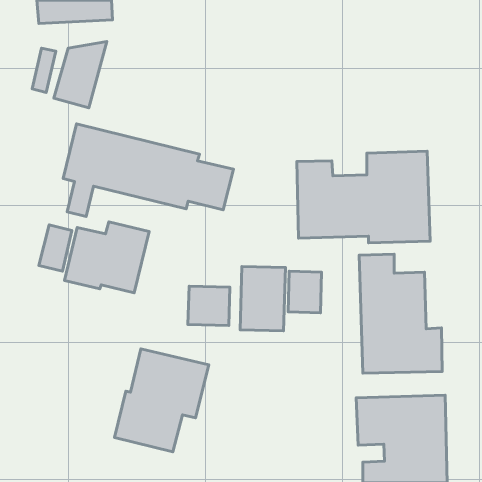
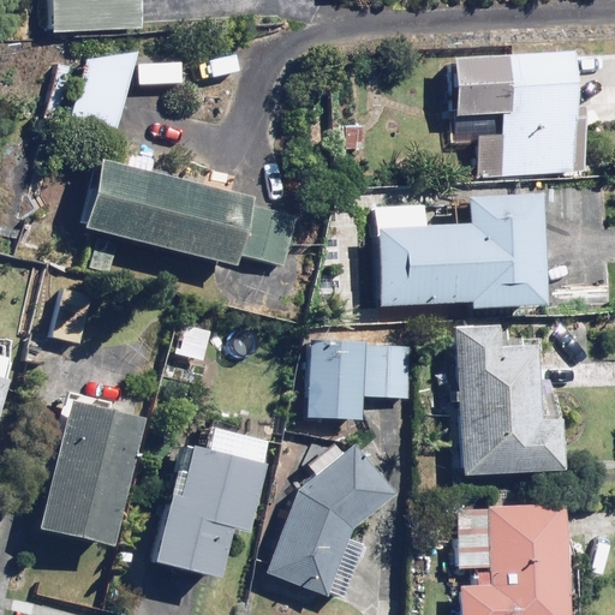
building: none -> [452,53,584,177]
building: [64,222,149,293] -> none
building: [188,286,230,326] -> none
building: none -> [41,398,143,544]
building: none -> [265,442,398,602]

